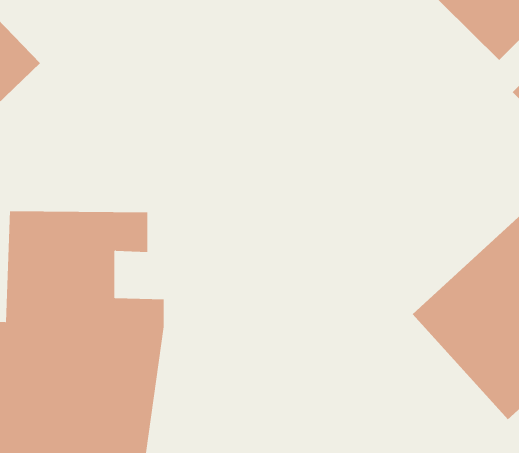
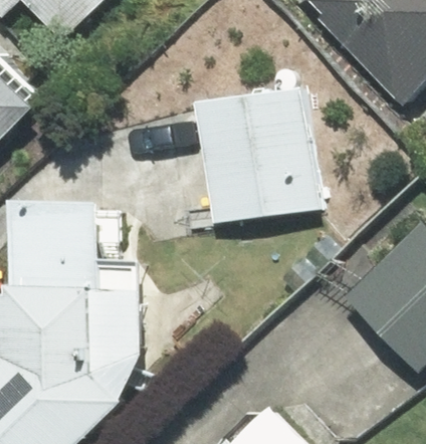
building: none -> [205,94,310,222]

